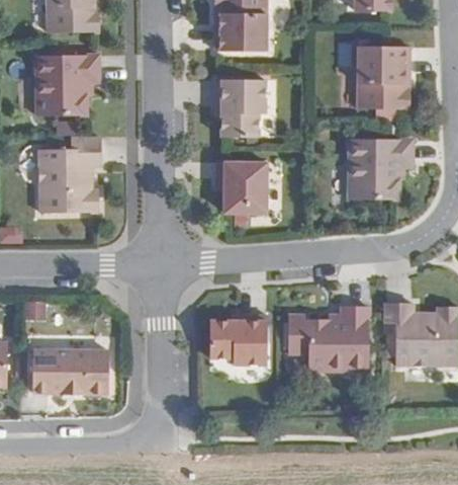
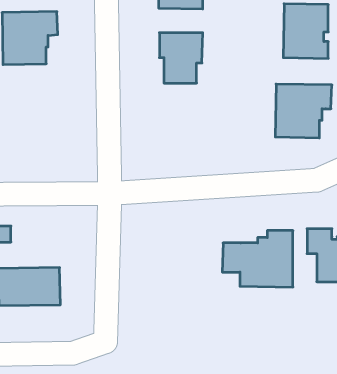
building: [38,137,100,213] -> none
building: [216,162,266,213] -> none
building: [209,315,267,365] -> none

